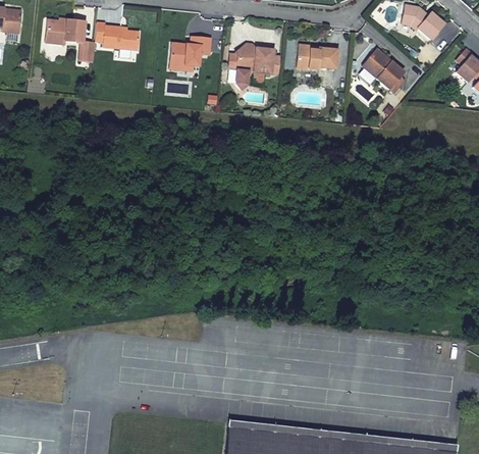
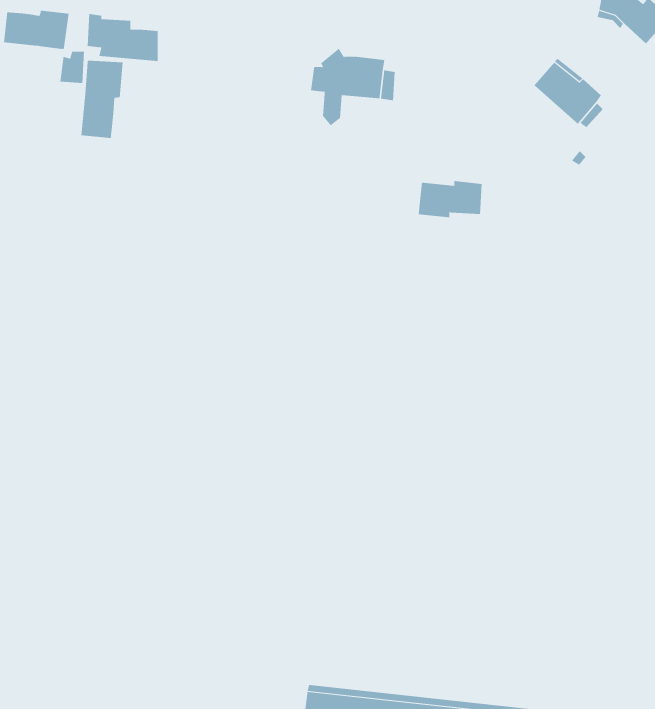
building: [170,36,210,65] -> none
building: [298,48,336,70] -> [418,180,483,218]
building: none -> [81,60,123,139]

